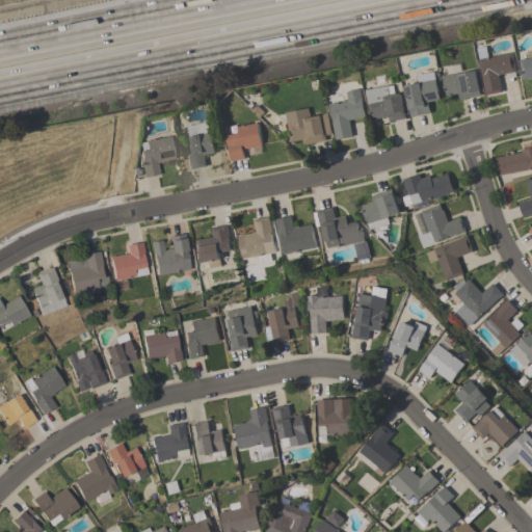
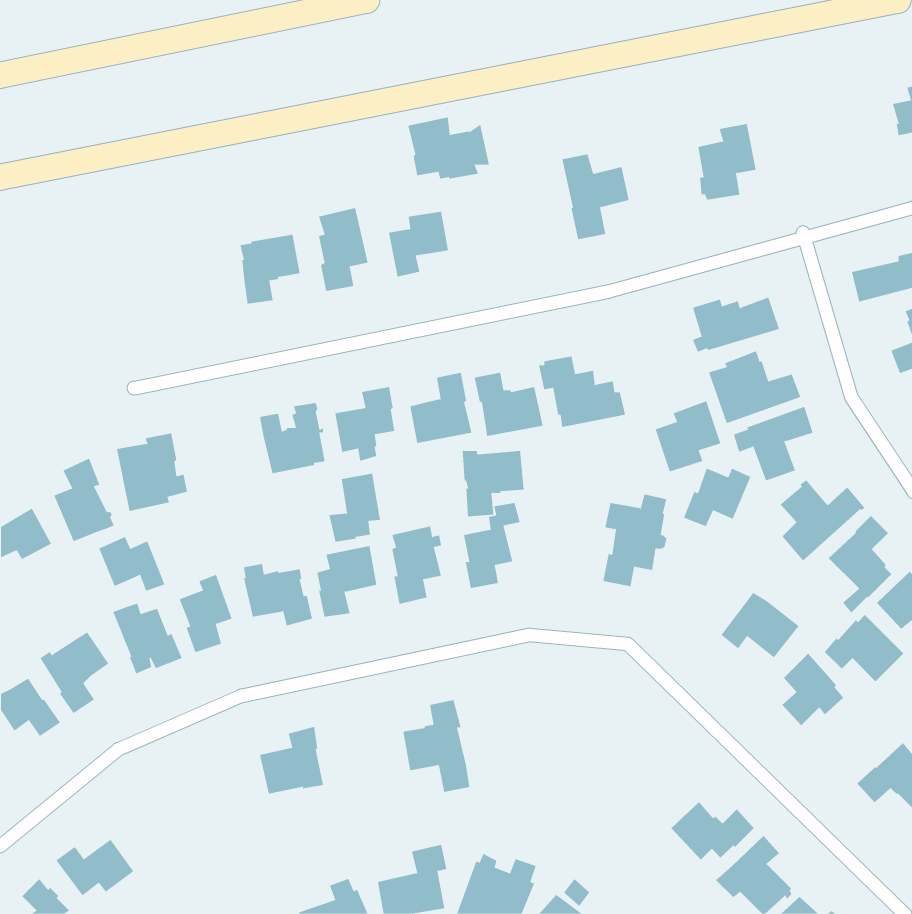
building: [478,46,517,95] -> none
building: [442,62,481,99] -> none
building: [367,81,406,124] -> none
building: [286,107,334,143] -> [407,117,490,179]
building: [362,188,400,230] -> [655,401,721,472]
building: [111,242,149,280] -> none
building: none -> [329,473,381,543]
building: [309,295,345,334] -> [462,451,524,517]
building: none -> [98,536,165,592]
building: [389,321,428,355] -> [683,468,751,527]
building: [317,398,353,434] -> none
building: [272,404,308,446] -> none
building: [473,406,520,446] -> [824,614,904,682]
building: [193,421,227,459] -> none
building: [360,423,400,472] -> none
building: [107,443,145,477] -> none
building: [75,453,118,502] -> none

